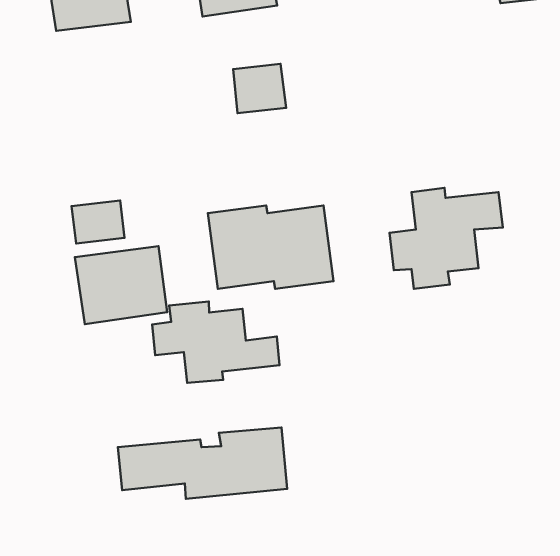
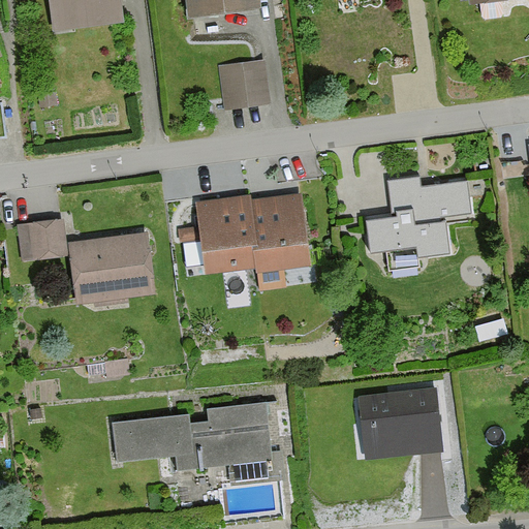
building: [72,201,124,243] -> [17,219,66,259]
building: [152,302,279,383] -> none
building: none -> [360,387,442,458]

